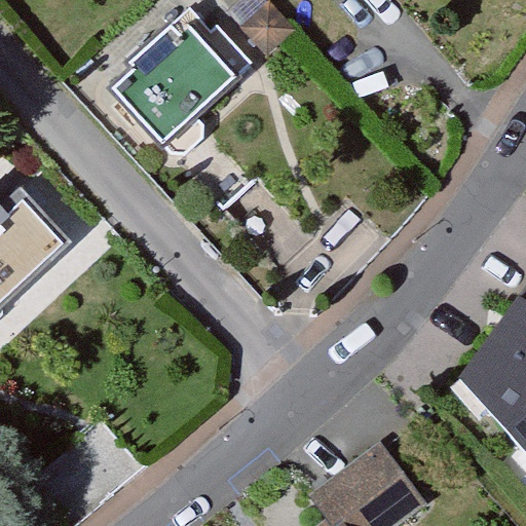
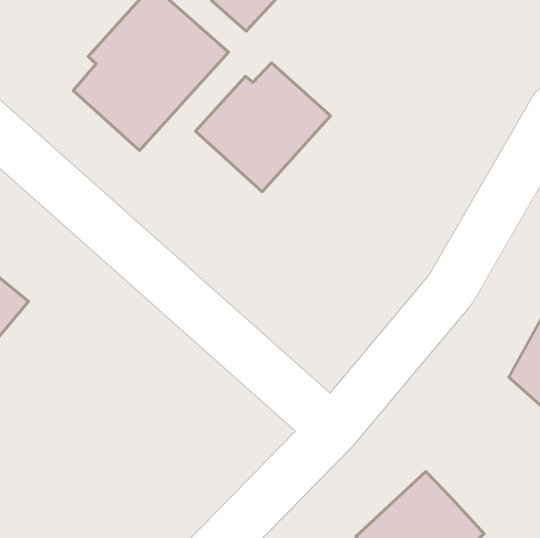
building: none -> [196,63,331,192]

